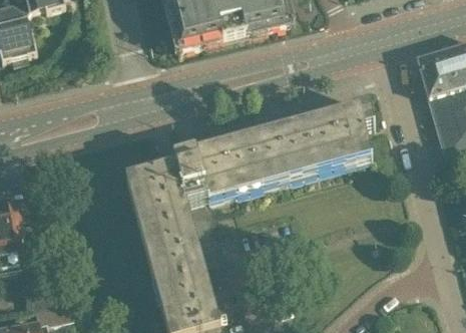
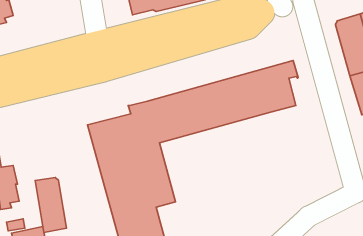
building: none -> [35,178,66,232]

